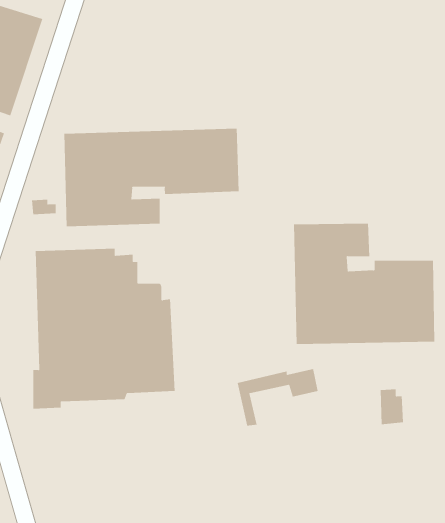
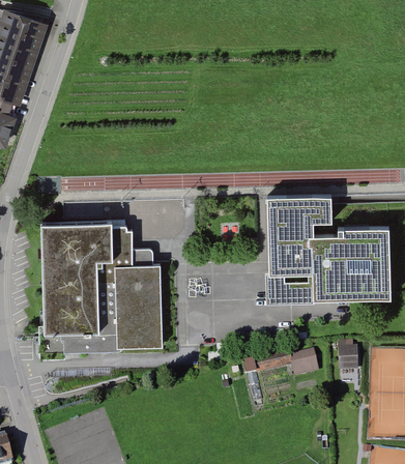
building: [64,128,239,227] -> none
building: [237,368,319,426] -> [247,349,317,399]

